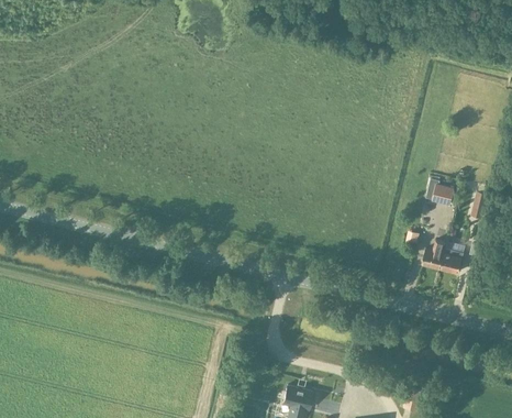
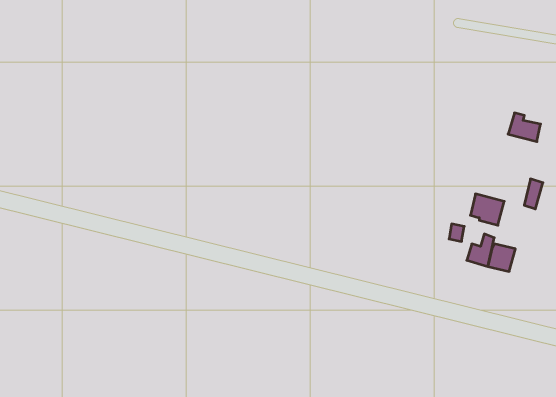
building: [426,177,455,202] -> [508,113,541,142]

